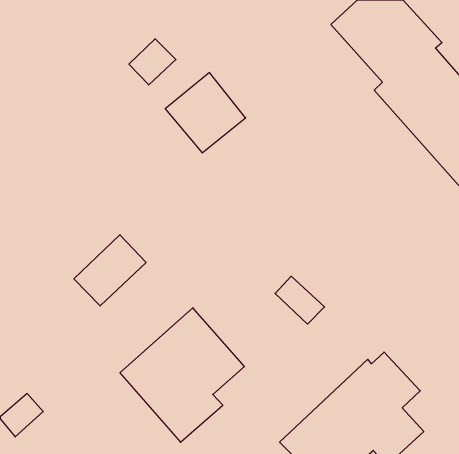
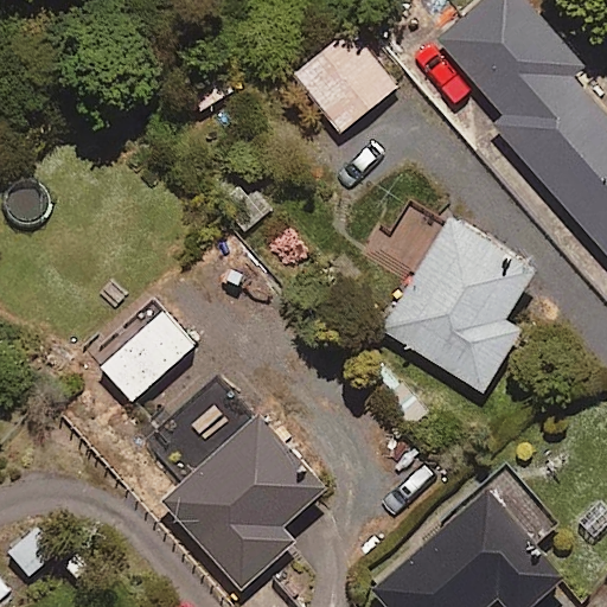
building: [165,73,246,153] -> [292,27,397,133]
building: none -> [381,215,533,391]

